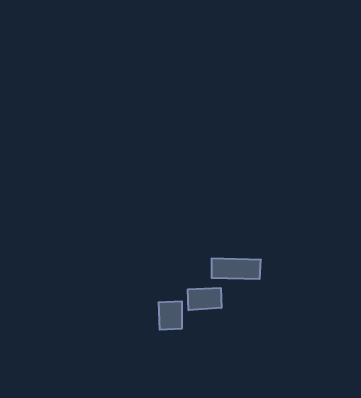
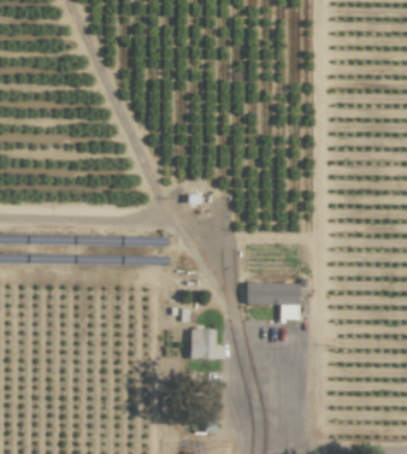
building: [188,288,221,310] -> none

